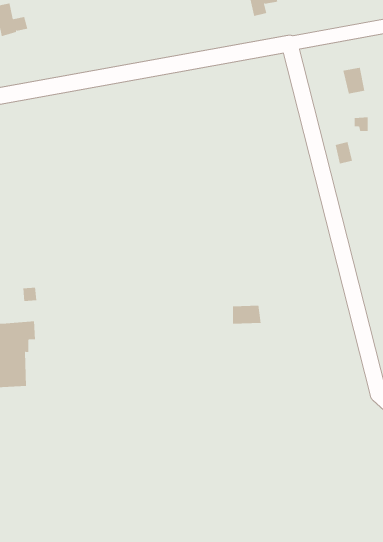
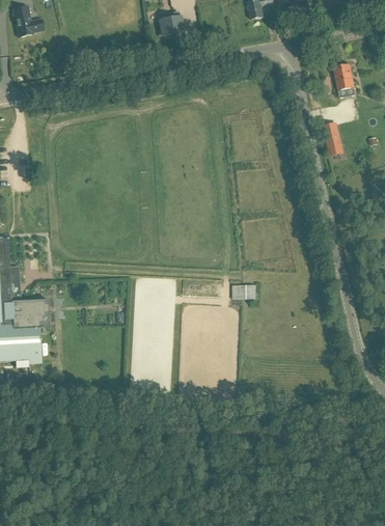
building: none -> [159,10,182,35]

